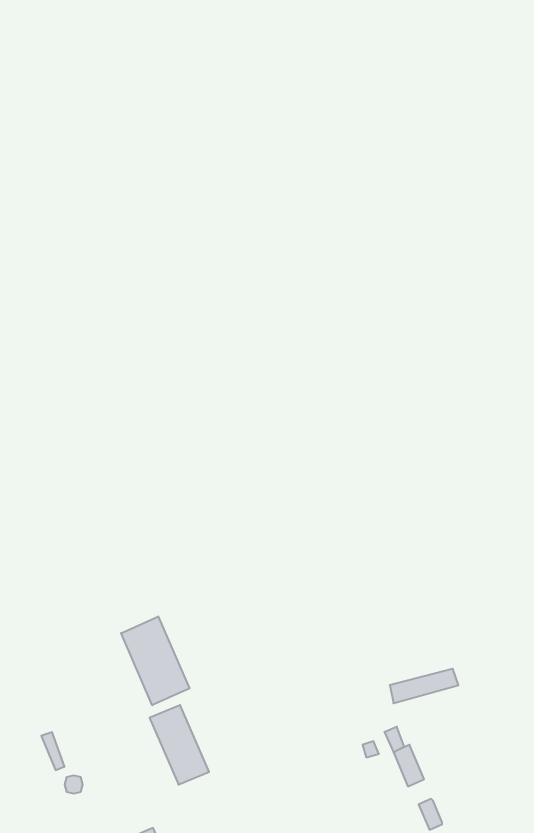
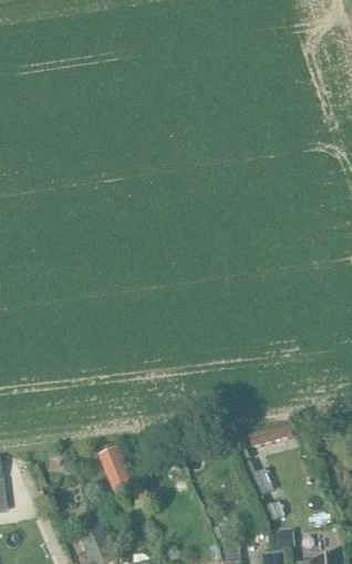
building: [121,616,189,705] -> none

